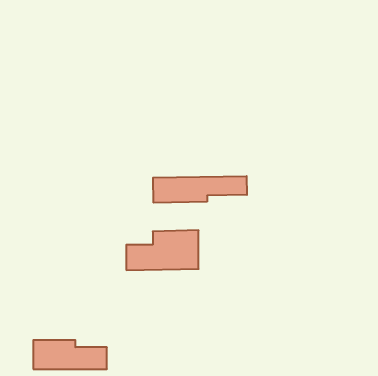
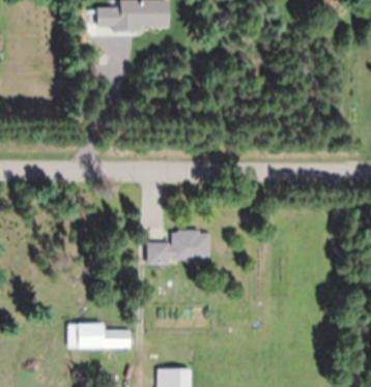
building: [153,176,247,203] -> none

